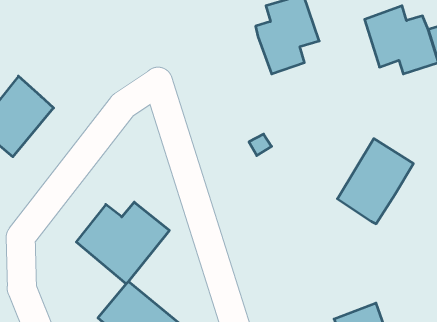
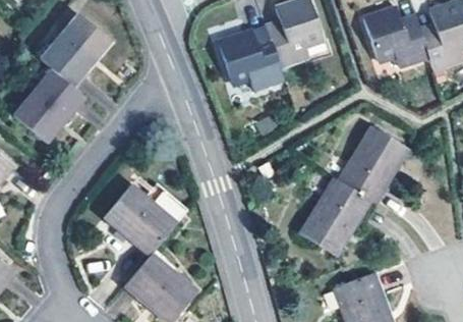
building: none -> [41,14,111,88]
building: none -> [218,30,284,90]
building: none -> [300,177,369,255]

